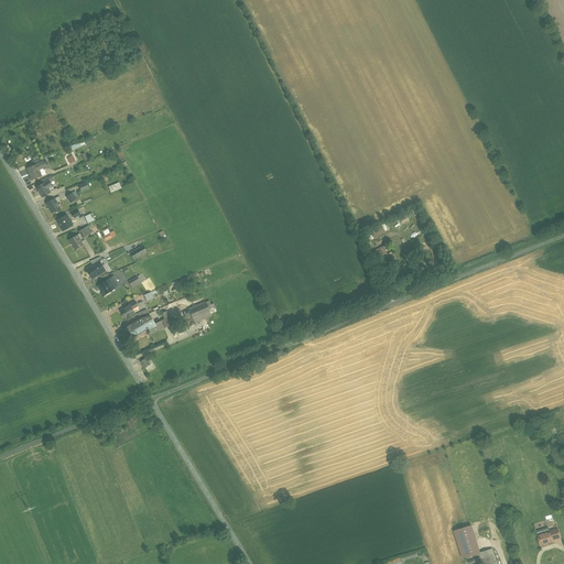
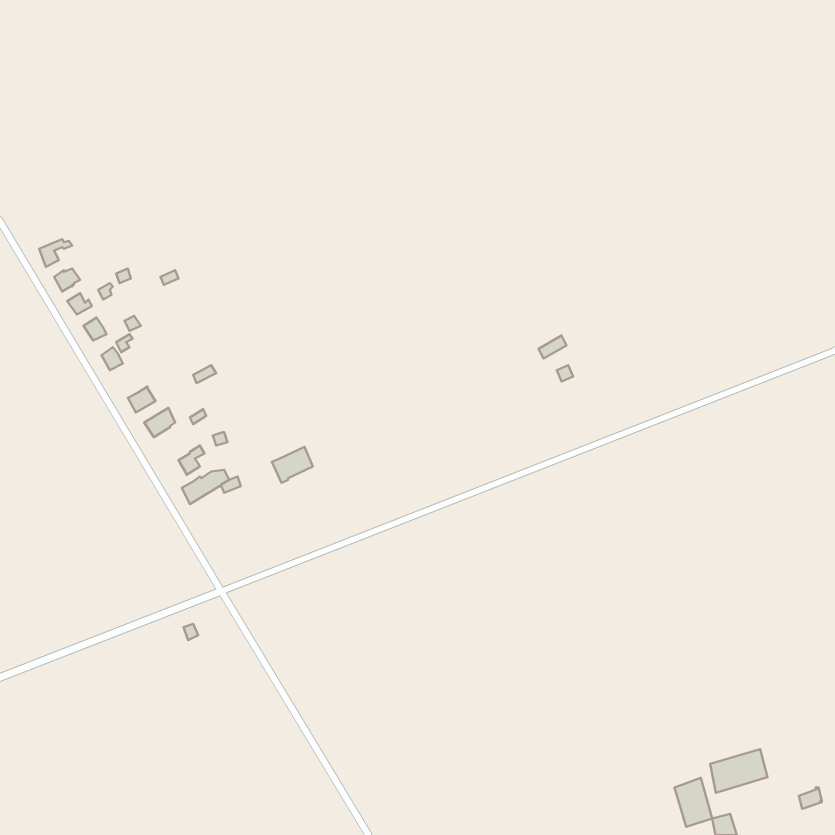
building: none -> [710,749,768,793]

